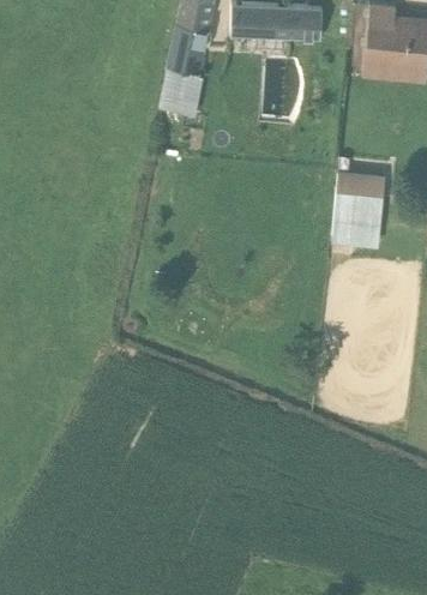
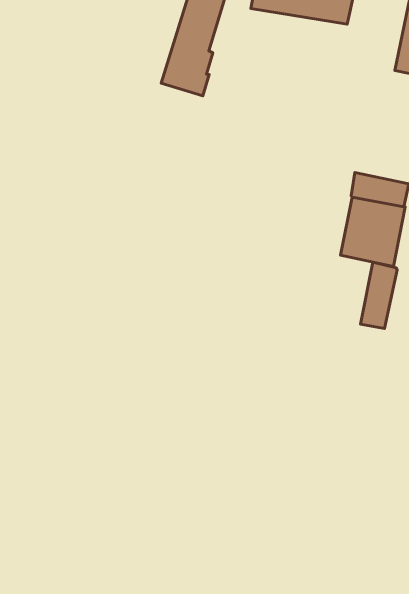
building: none -> [361,262,397,328]

